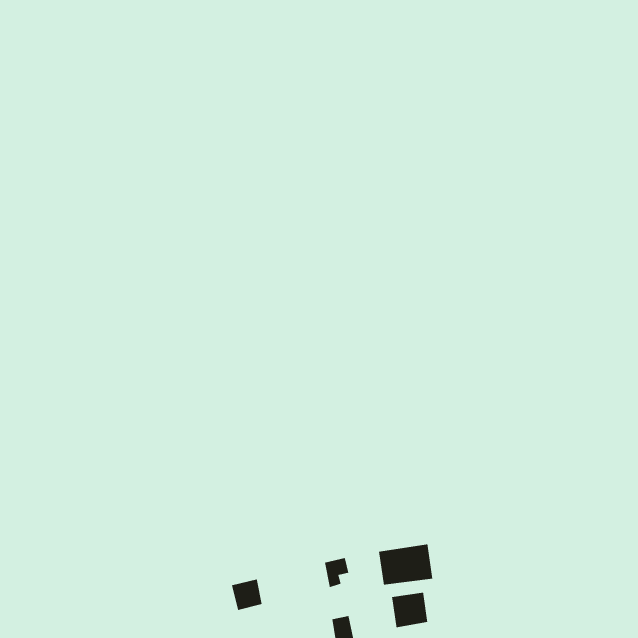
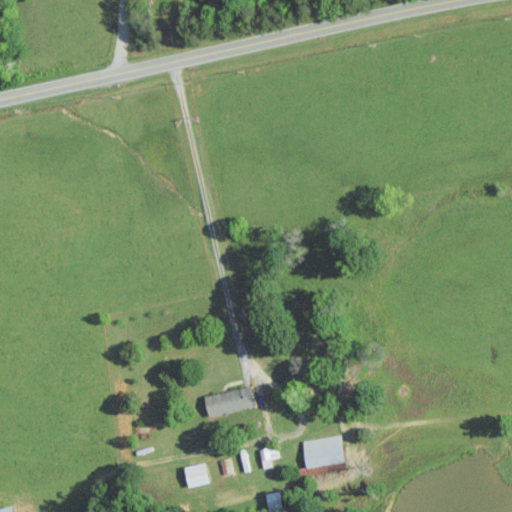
building: none -> [204,389,255,416]
building: [391,592,428,628] -> none

